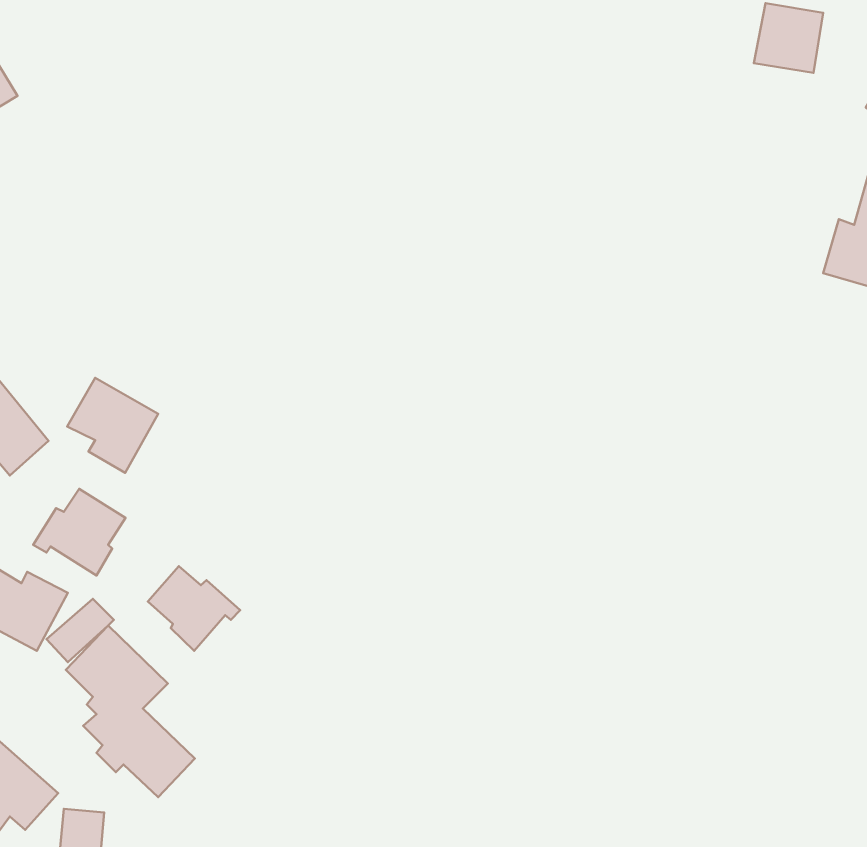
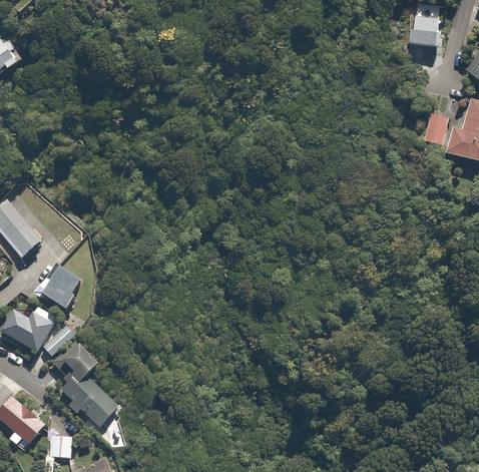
building: none -> [420,110,448,146]
building: [67,378,158,473] -> none
building: [148,566,240,651] -> none

